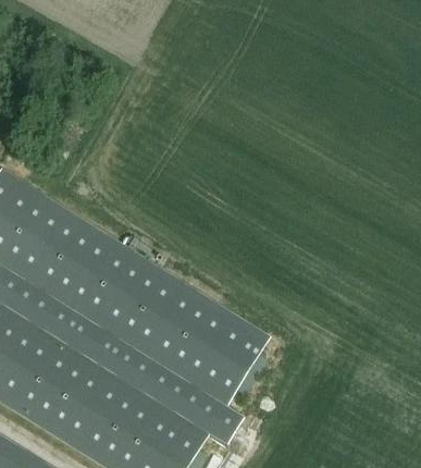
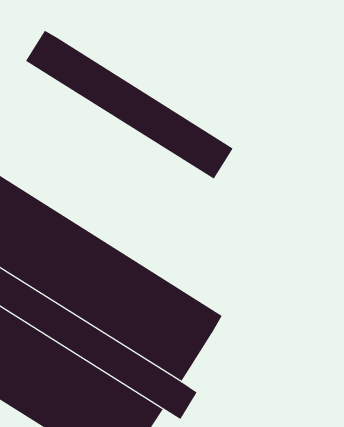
building: none -> [25,30,234,179]

